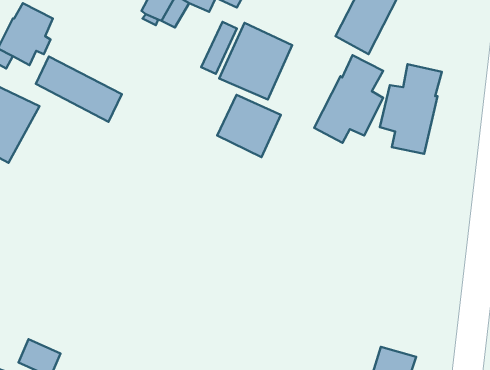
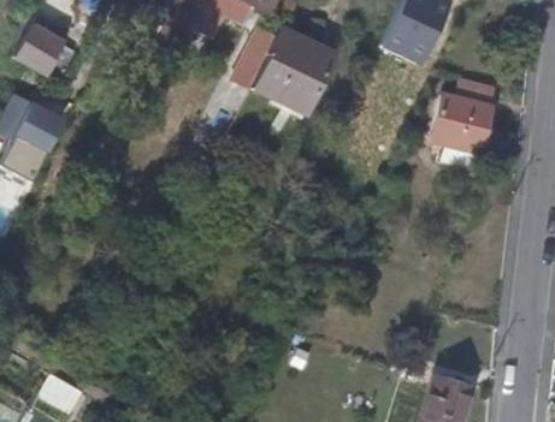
building: [314,55,383,143] -> none
building: [36,56,122,122] -> none
building: [217,95,281,157] -> none

